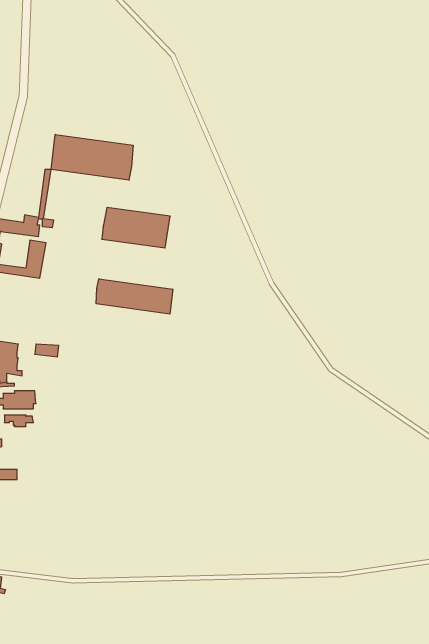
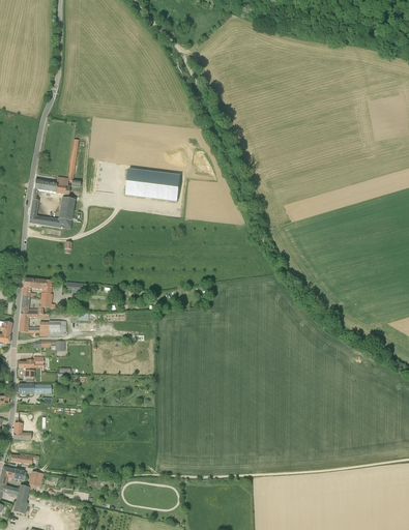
building: [51,134,133,180] -> none
building: [96,279,173,314] -> none

